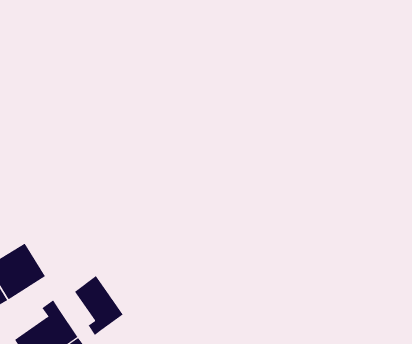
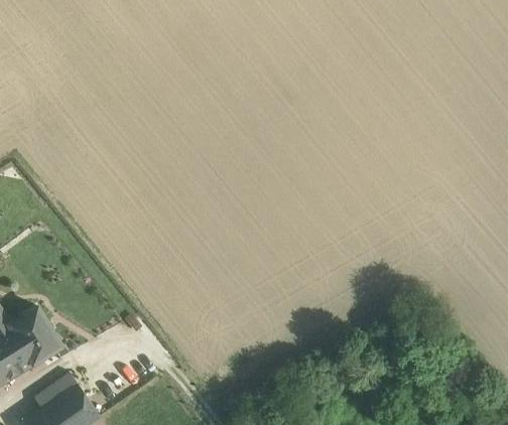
building: [74,275,123,336] -> none

